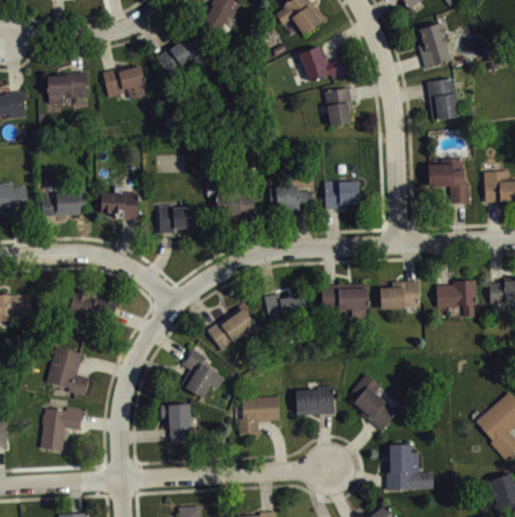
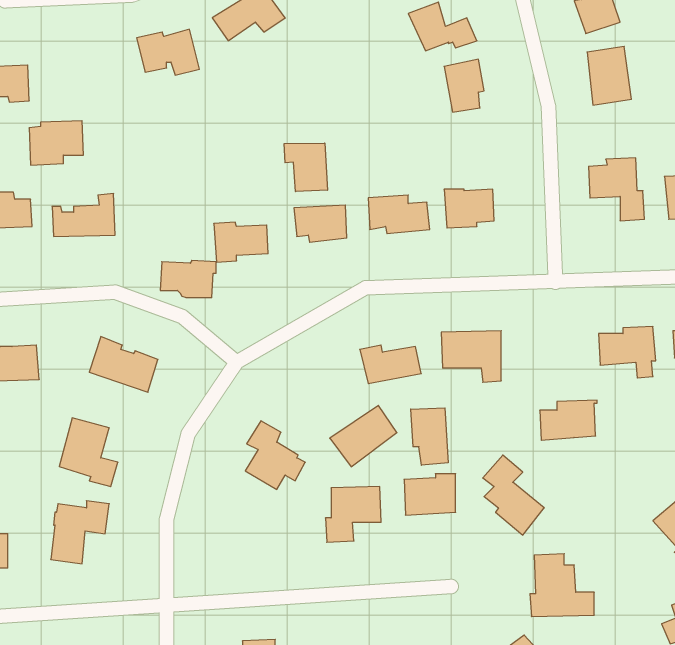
building: [47,72,87,104] -> [29,121,83,165]
building: none -> [284,143,327,192]
building: [100,192,140,219] -> [160,260,216,298]
building: [379,281,420,310] -> [540,400,597,440]
building: [206,306,255,351] -> [330,405,397,467]
building: none -> [411,408,448,465]
building: [160,406,191,443] -> none

